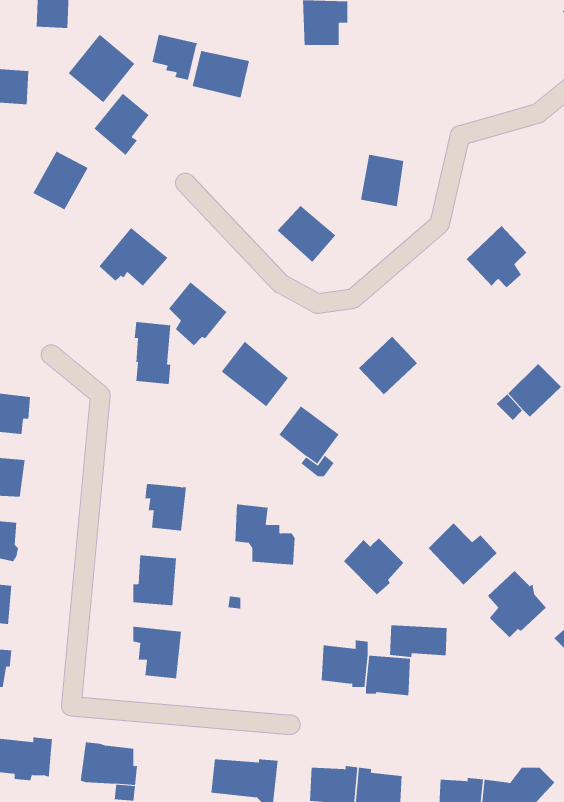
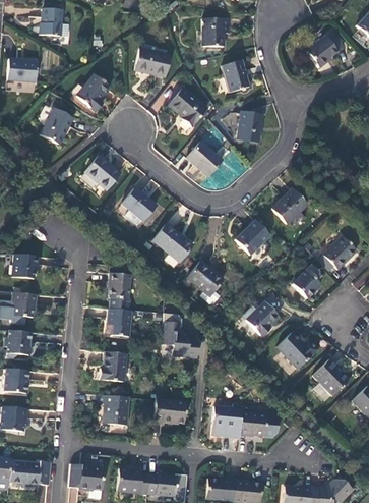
building: none -> [305,30,344,66]
building: [68,34,135,103] -> none
building: [152,34,198,81] -> none
building: none -> [223,59,249,92]
building: none -> [170,87,208,126]
building: [466,225,527,288] -> [271,187,308,225]
building: [134,322,171,384] -> [108,272,130,310]
building: none -> [292,264,321,297]
building: [343,537,404,595] -> [242,300,279,335]
building: [389,625,447,658] -> none
building: none -> [153,397,186,423]
building: none -> [117,466,148,493]

